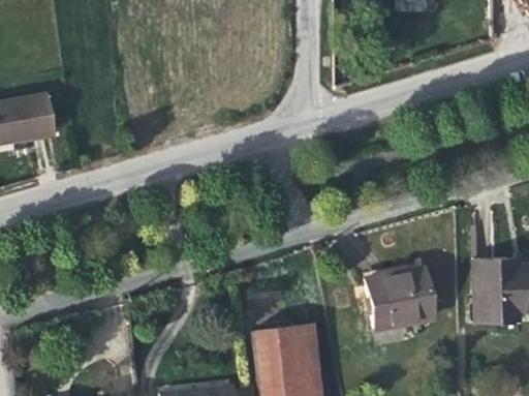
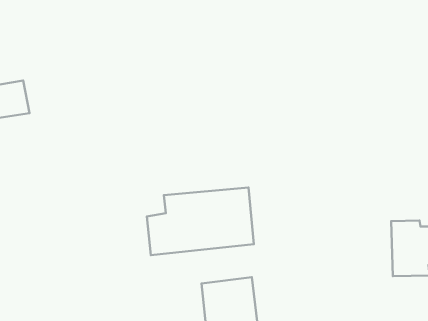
building: none -> [147,188,254,255]
building: [366,267,434,328] -> none

